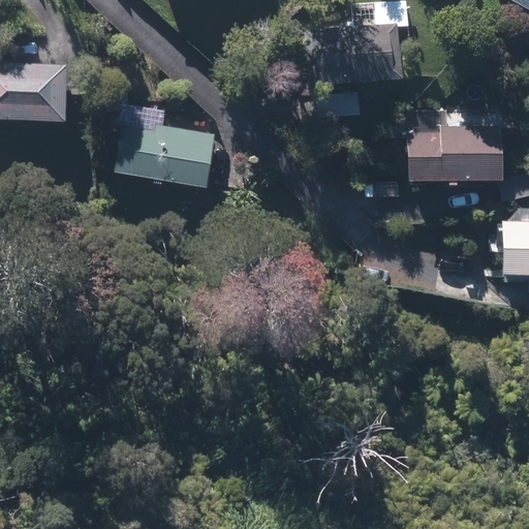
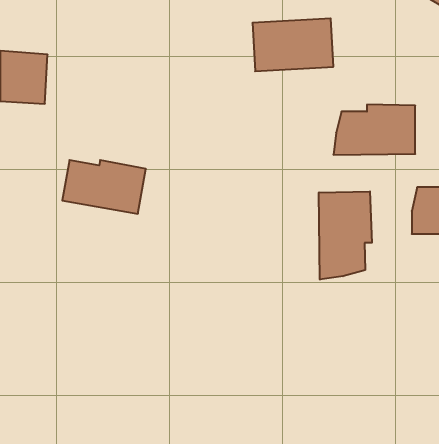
building: [116,123,214,186] -> [62,160,146,214]
building: none -> [319,191,372,280]

